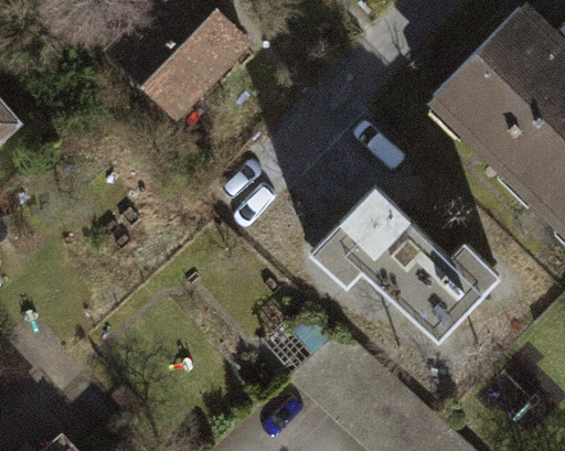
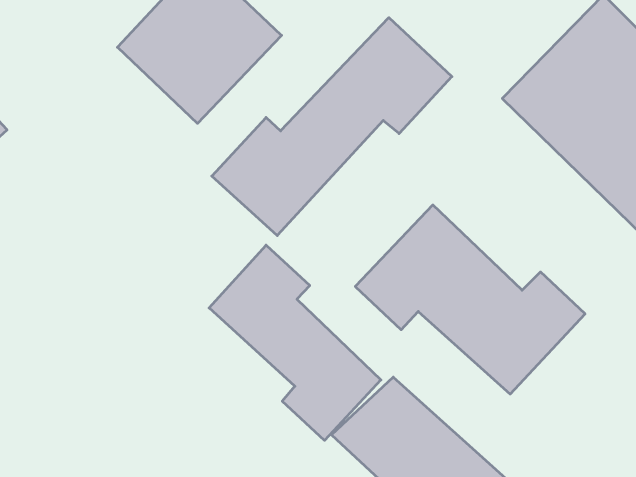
building: none -> [212,18,452,236]
building: none -> [209,245,381,440]

